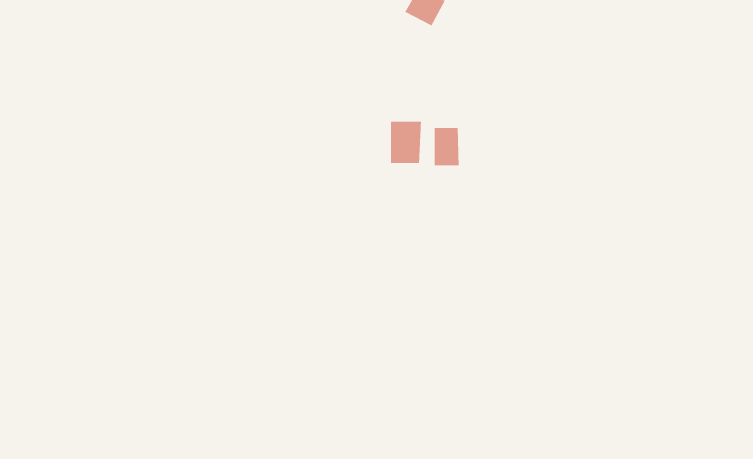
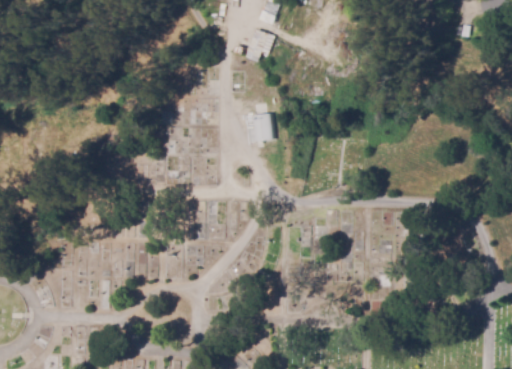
building: [434,127,460,166] -> none

